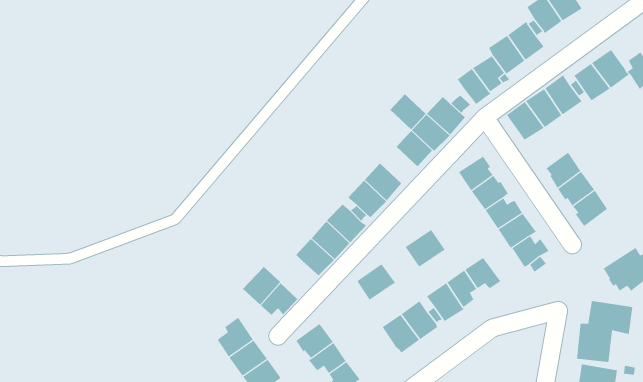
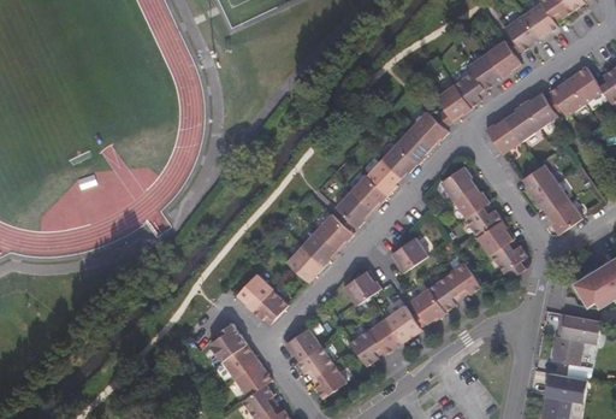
building: [390,93,426,130] -> [366,160,401,195]
building: none -> [349,331,379,367]

